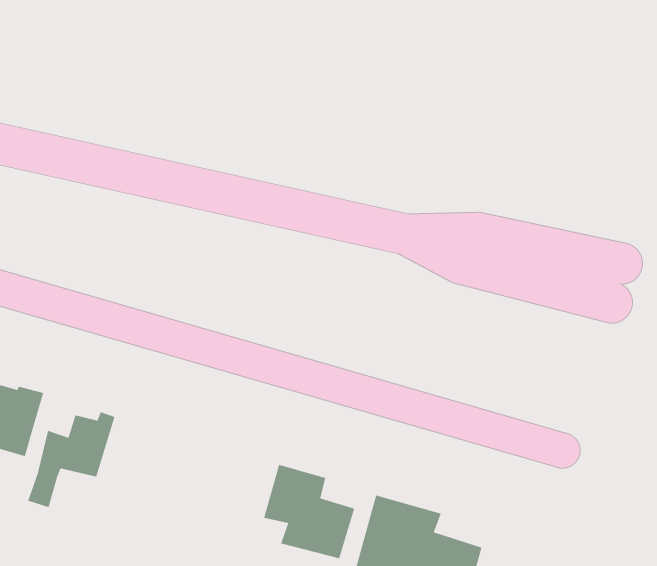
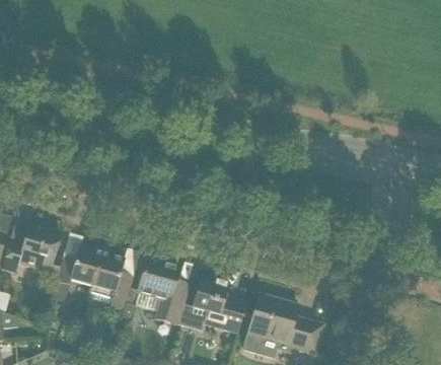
building: none -> [88,249,132,310]
building: none -> [134,262,189,327]

